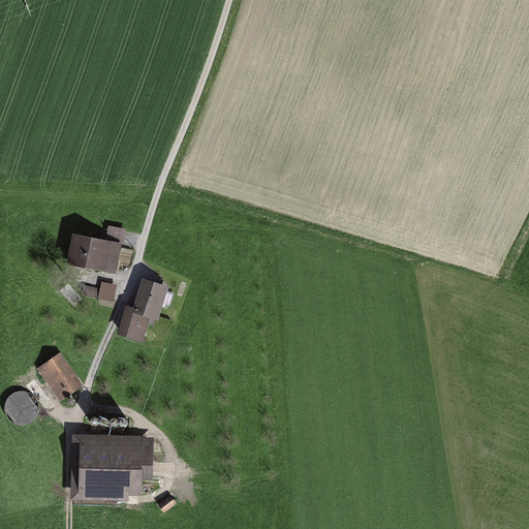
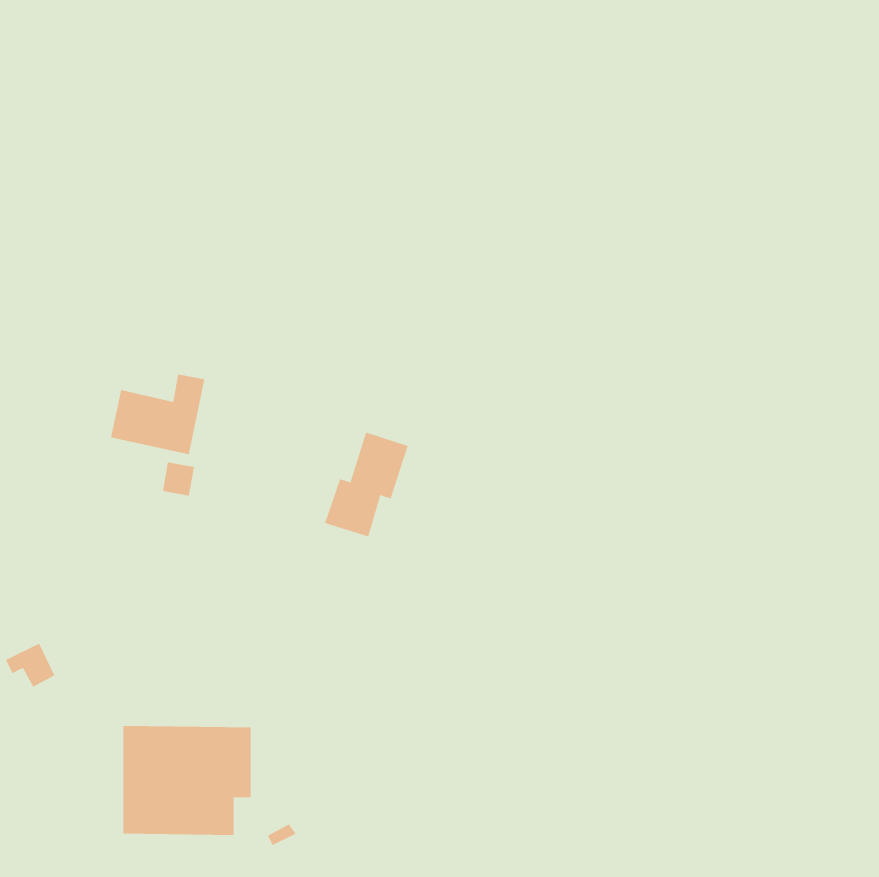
building: [117,278,167,341] -> [324,432,408,537]
building: [39,355,82,402] -> none

